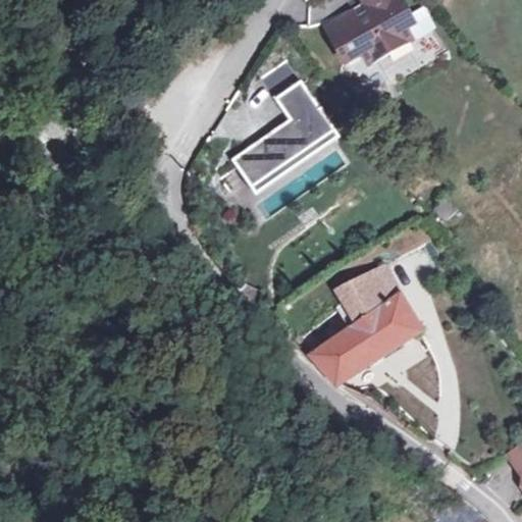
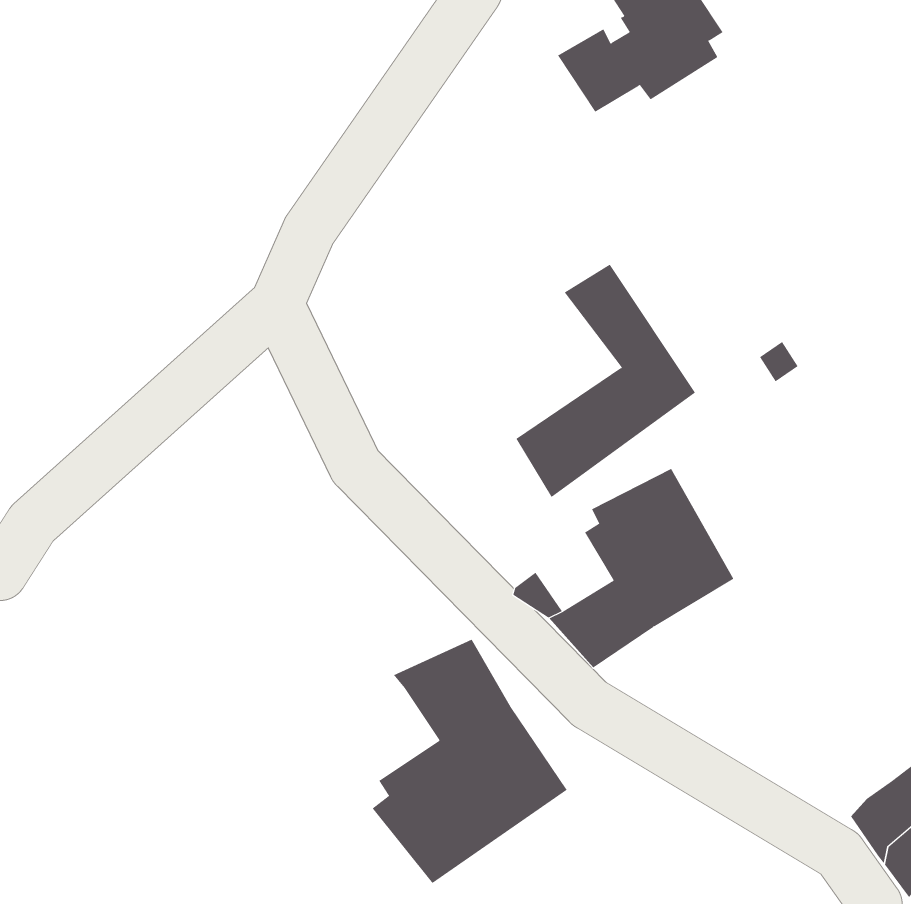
building: [237,58,340,192] -> [516,264,696,498]
building: none -> [372,639,567,884]

